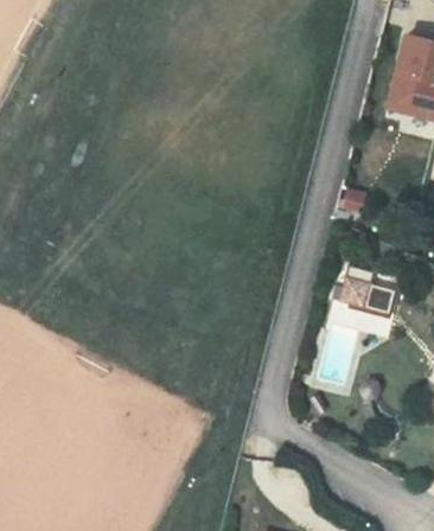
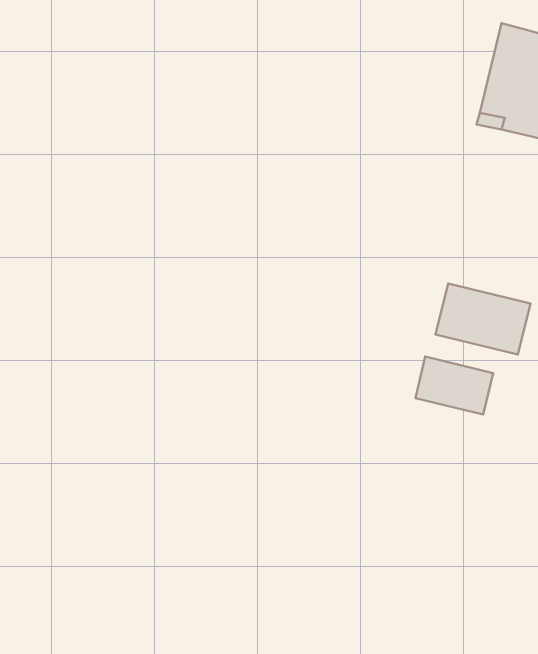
building: none -> [435,284,530,355]

